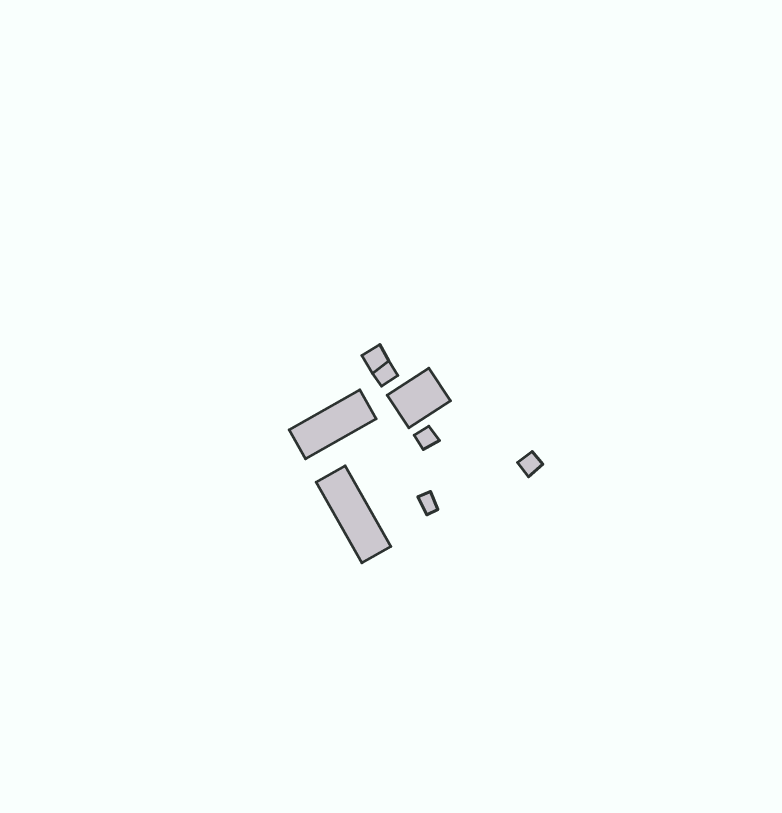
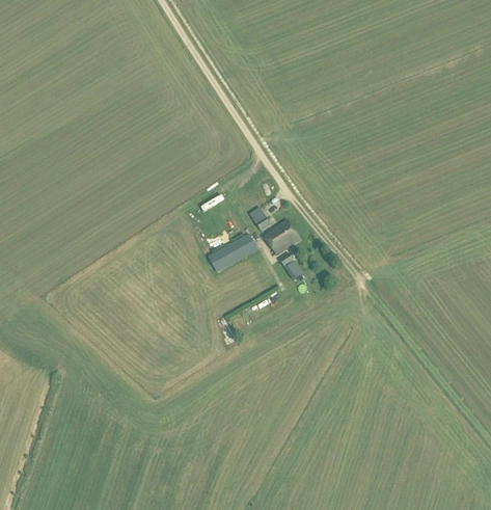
building: [316,466,391,563] -> none

